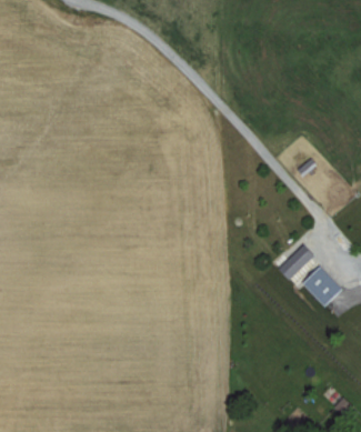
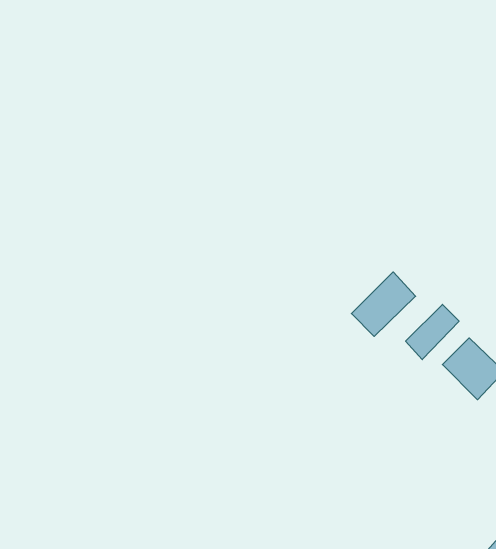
building: none -> [351,272,416,336]

